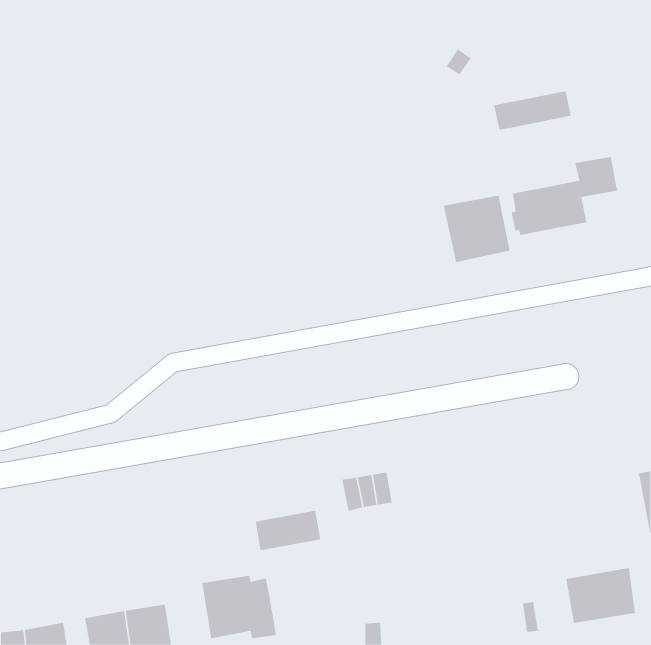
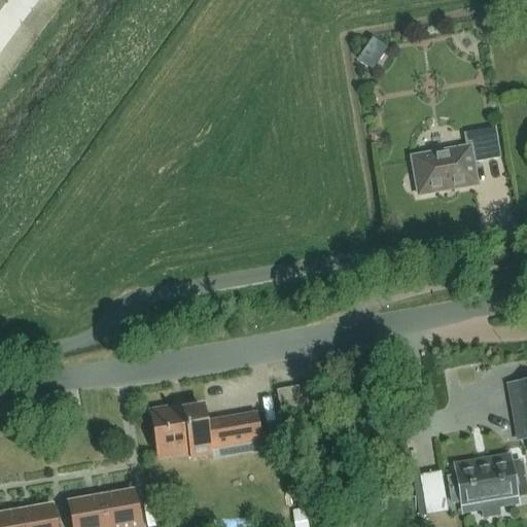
building: [494,90,571,131] -> none
building: [443,195,510,263] -> none
building: [202,575,277,639] -> [150,403,211,455]

